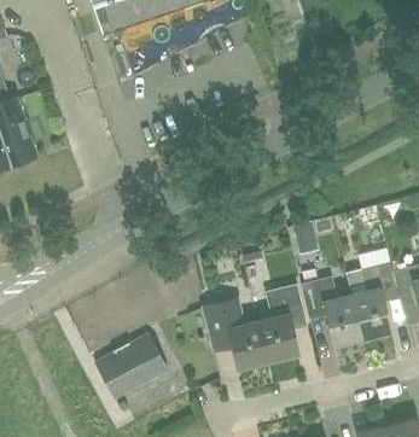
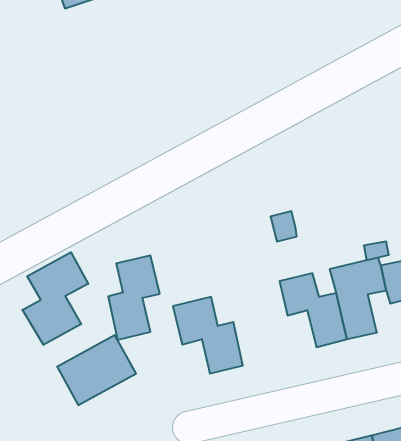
building: none -> [22,252,88,345]
building: [258,284,305,361] -> [108,255,160,340]

